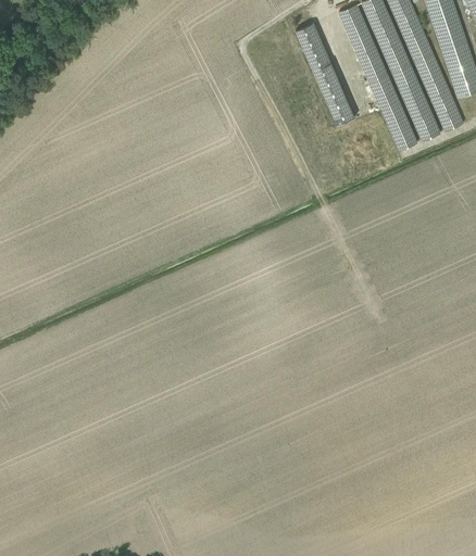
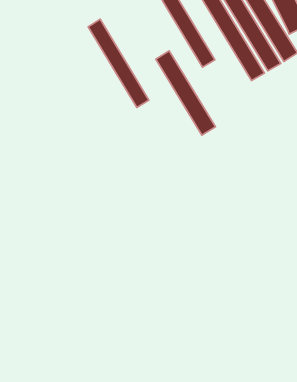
building: none -> [88,19,149,108]
building: none -> [156,51,215,135]

